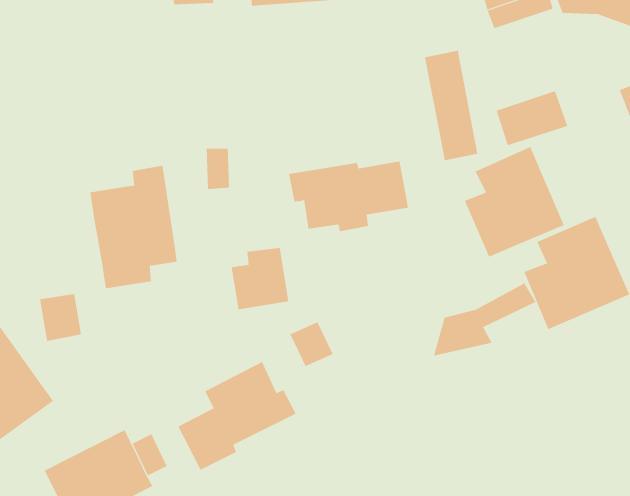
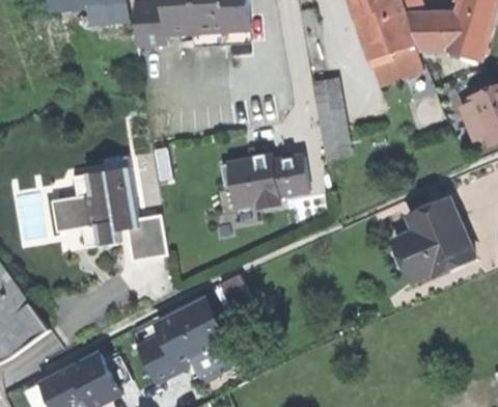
building: [496,91,568,146] -> [368,45,421,85]
building: [464,146,565,258] -> none
building: [231,247,289,310] -> [125,217,167,263]
building: [433,283,536,357] -> none
building: [39,293,82,342] -> [50,198,81,234]

